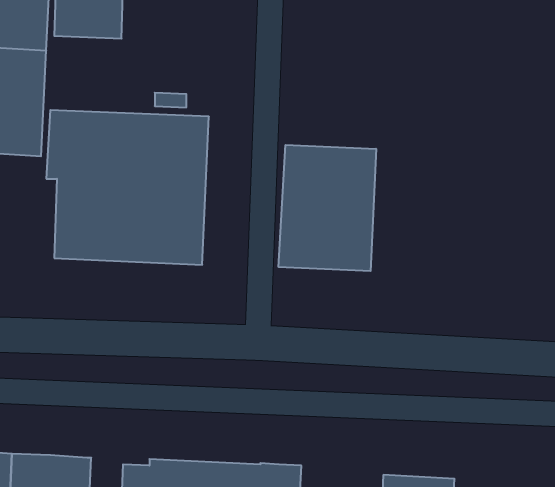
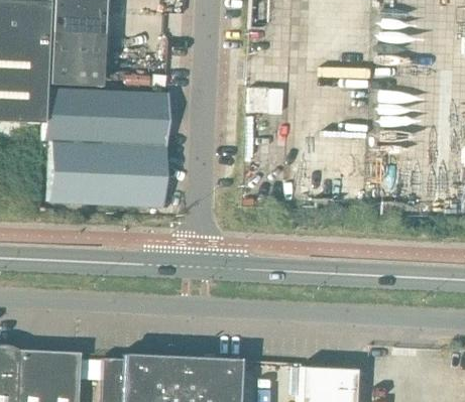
building: none -> [48,32,103,87]
building: [279,145,376,271] -> none

